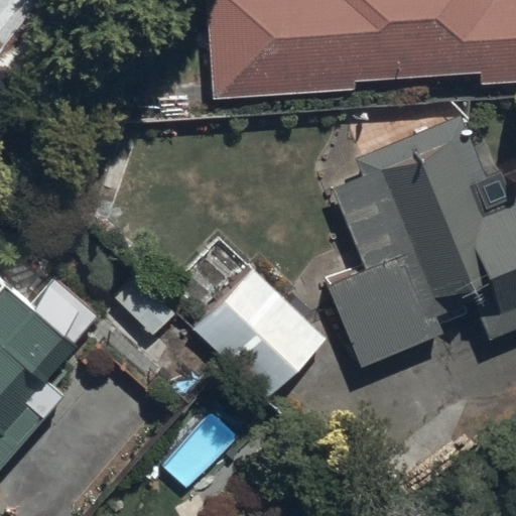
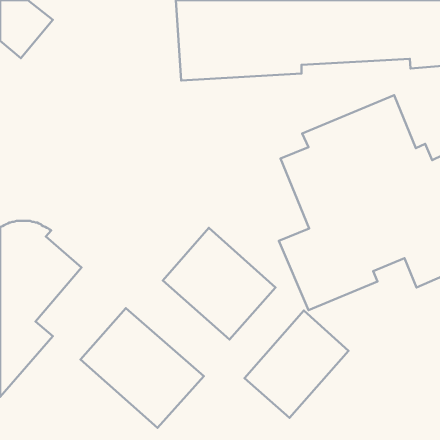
building: none -> [80,308,204,428]
building: none -> [245,310,348,418]

